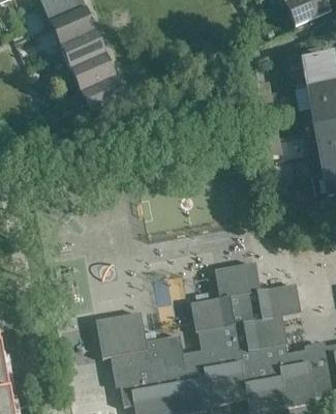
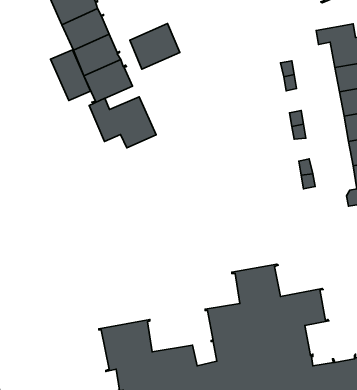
building: none -> [130,24,180,69]
building: none -> [51,50,91,100]
building: none -> [89,97,156,148]

